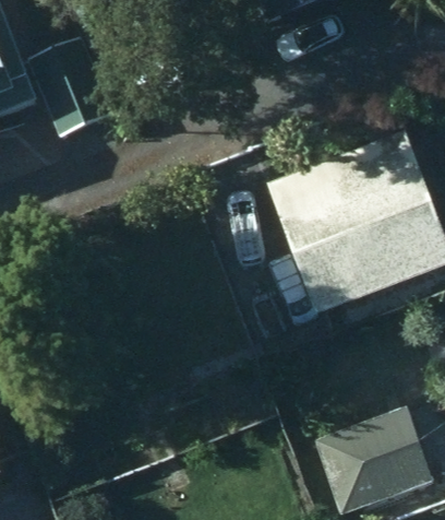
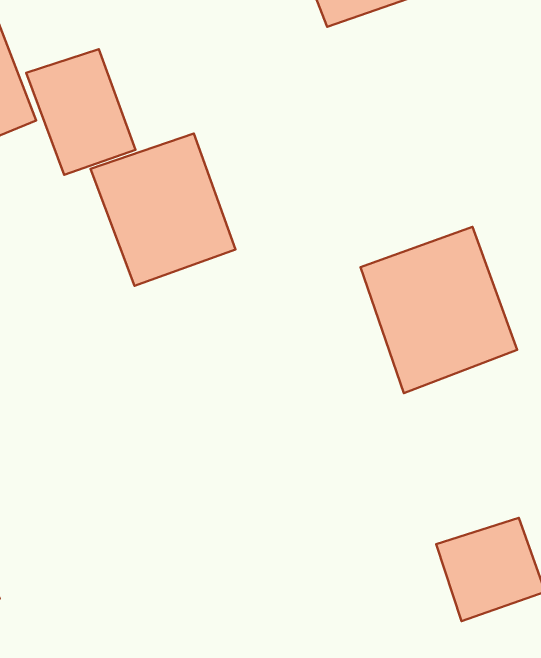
building: none -> [90,134,235,286]

